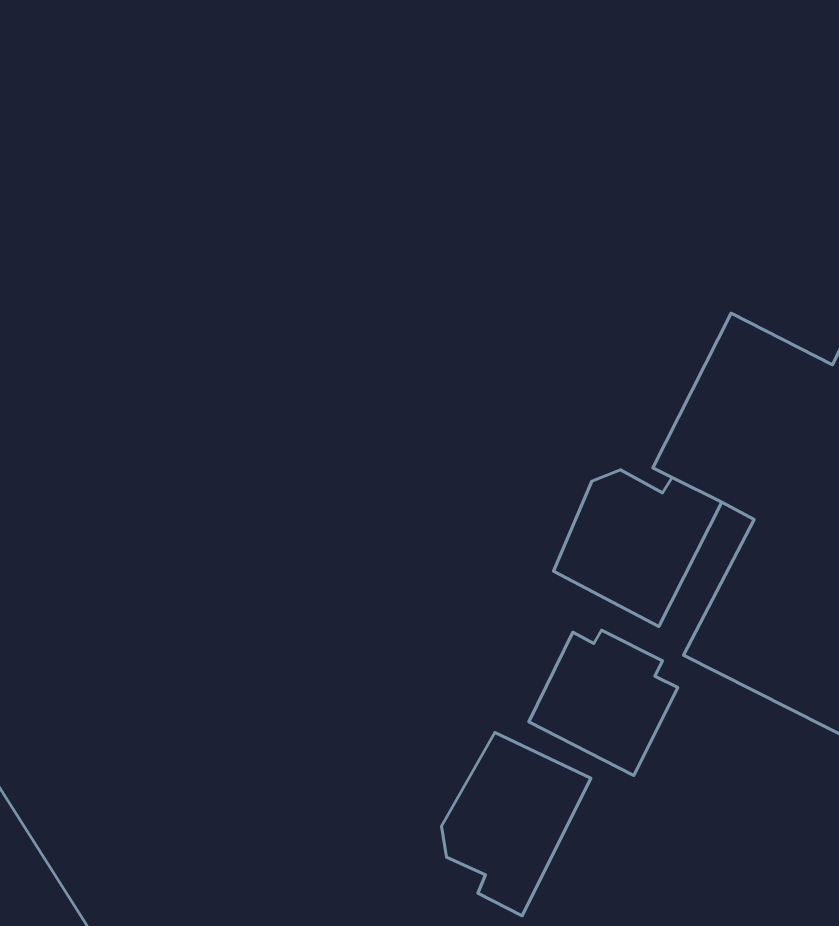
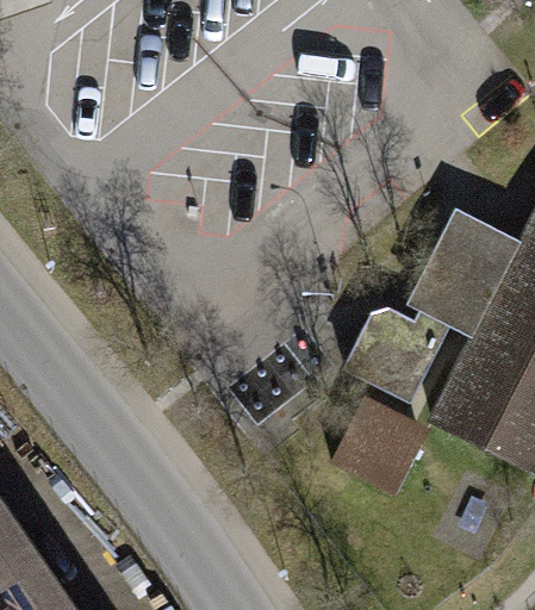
building: [442,733,591,916] -> none

